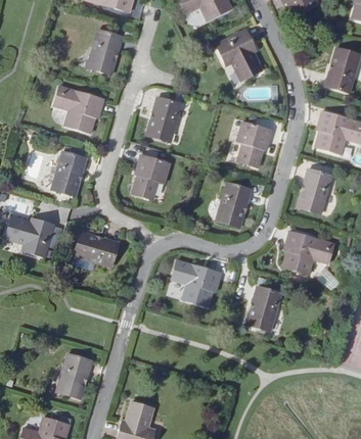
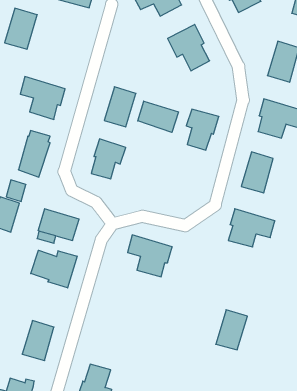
building: [87,30,123,75] -> [5,8,37,49]
building: none -> [138,101,178,132]
building: [216,183,251,228] -> none
building: none -> [31,250,77,288]
building: [246,287,281,331] -> [216,310,247,350]

